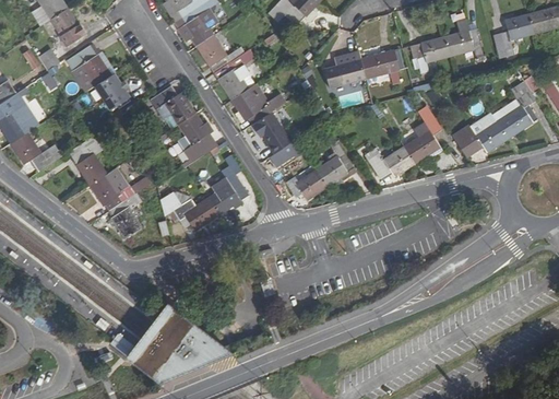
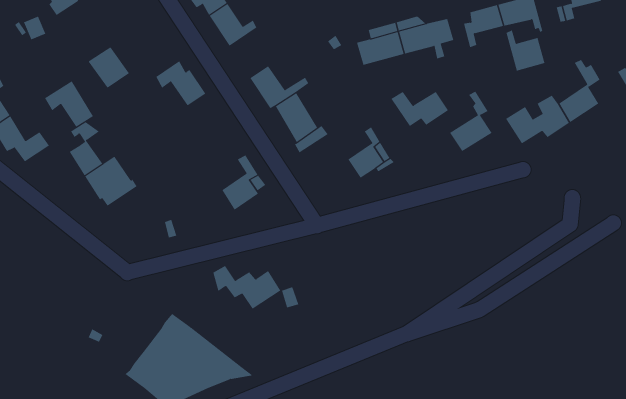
building: [67,44,109,84] -> [44,81,94,128]
building: [214,56,248,99] -> none
building: none -> [506,30,545,72]
building: [178,113,216,159] -> none
building: [364,146,414,177] -> [390,91,449,127]
building: [286,164,326,199] -> none
building: [159,191,218,230] -> [213,265,281,309]
building: [107,192,142,238] -> none

